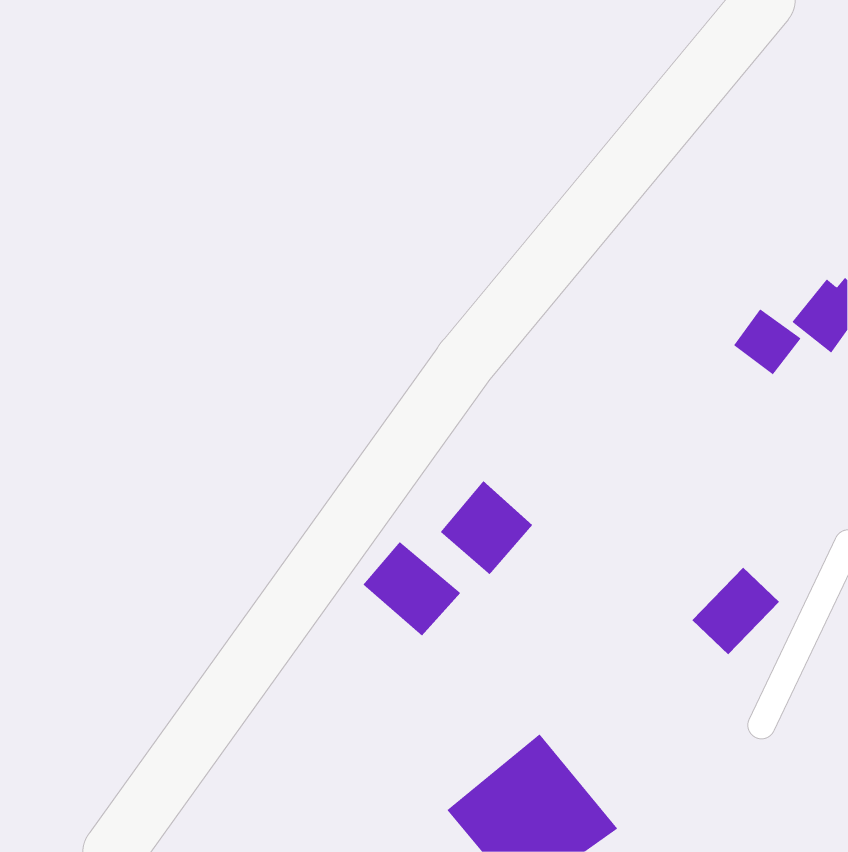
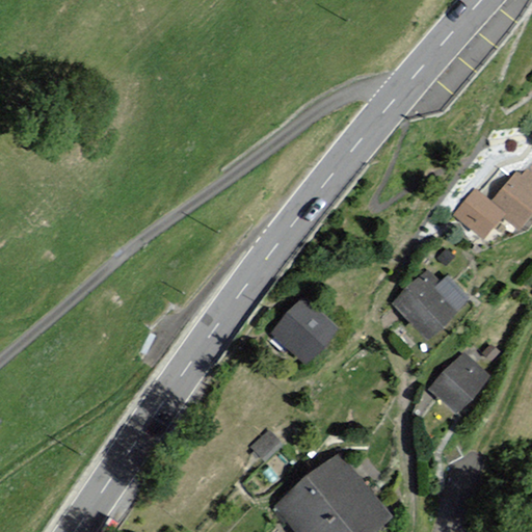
building: none -> [397,273,464,334]
building: [362,541,461,636] -> none

